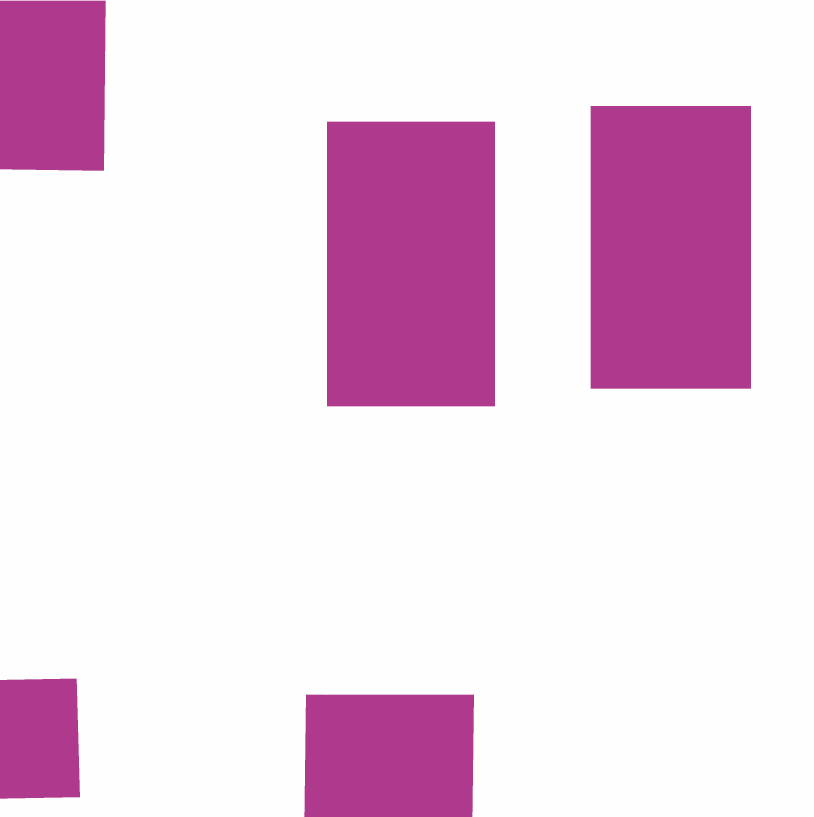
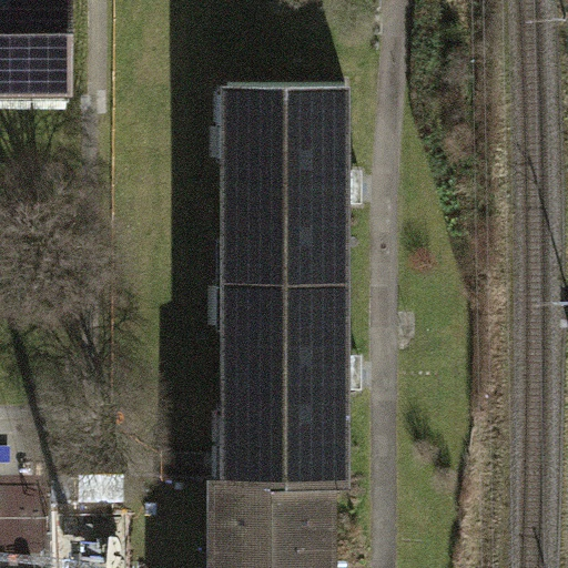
building: [590,105,752,389] -> none
building: none -> [224,285,341,483]

